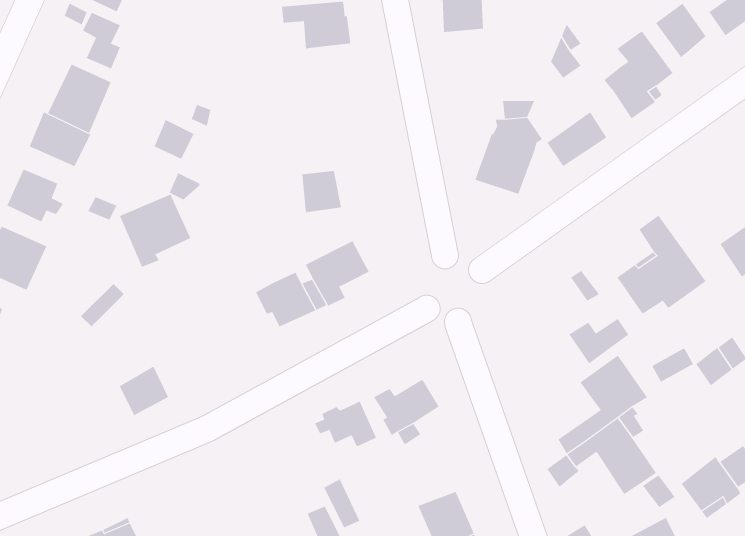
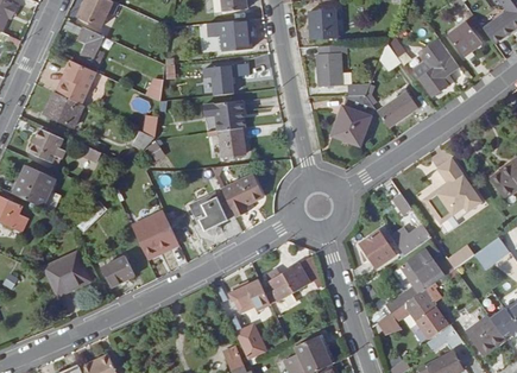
building: none -> [317,45,342,87]
building: none -> [204,64,234,95]
building: none -> [203,100,242,133]
building: [119,194,191,268] -> [132,211,178,259]
building: none -> [359,230,395,267]
building: none -> [44,253,90,296]

